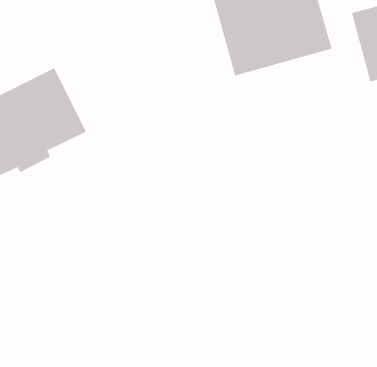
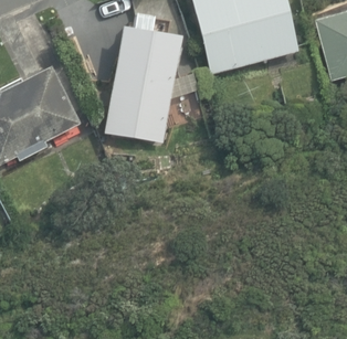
building: none -> [106,27,182,141]

